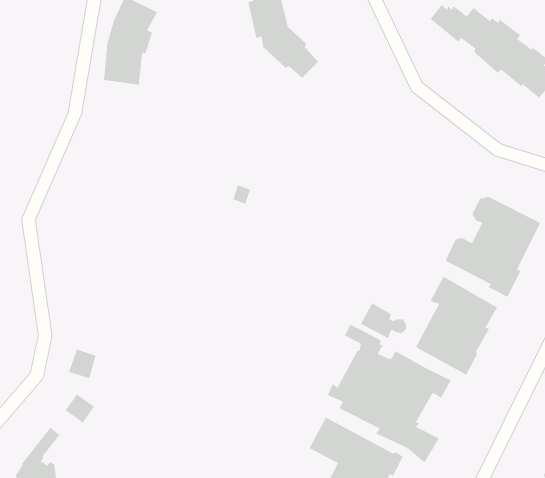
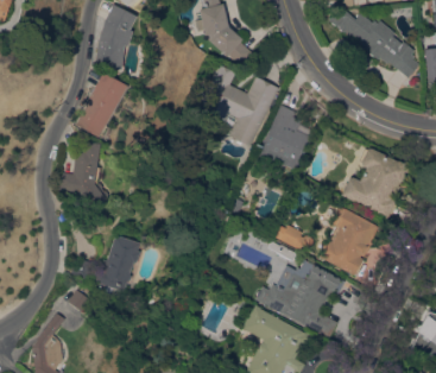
building: none -> [200,64,279,146]
building: none -> [77,74,127,138]
building: none -> [260,106,311,169]
building: none -> [62,141,107,213]
building: none -> [96,235,140,292]

